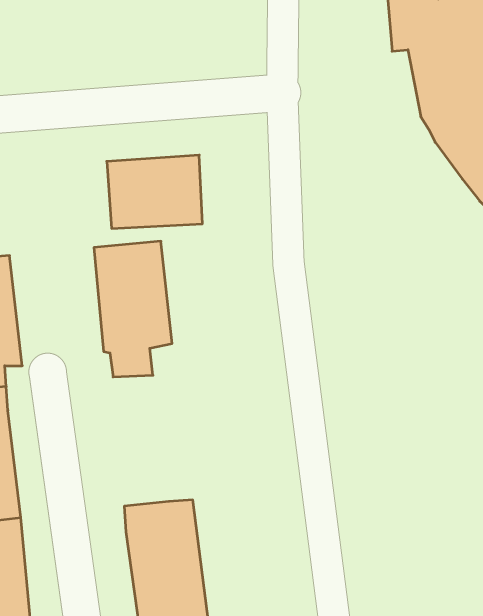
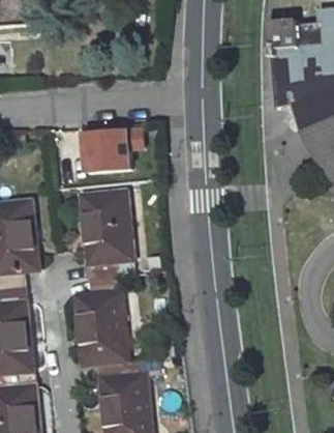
building: none -> [78,275,127,359]

